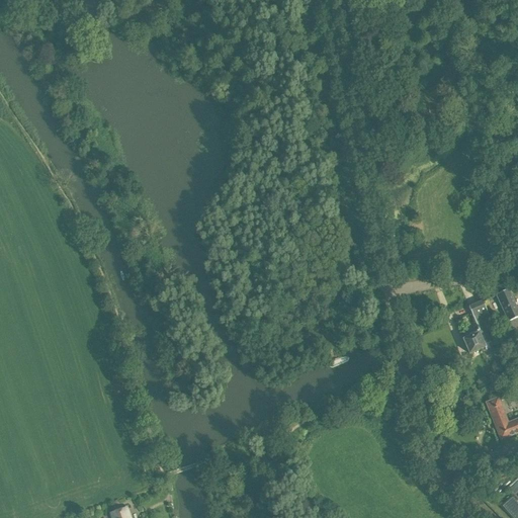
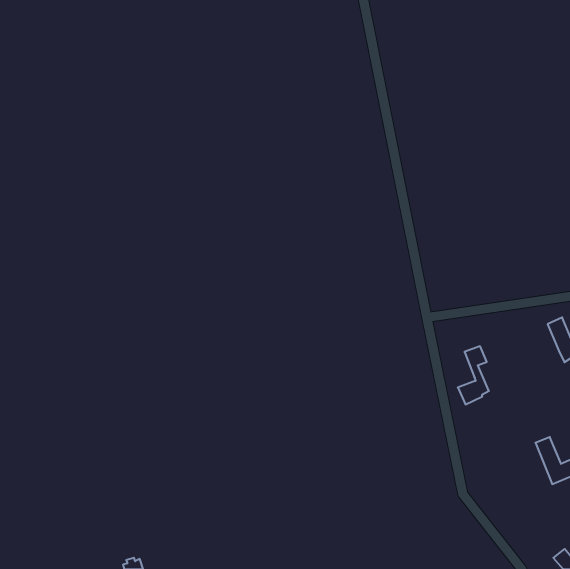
building: [463,299,492,352] -> [458,346,489,404]

